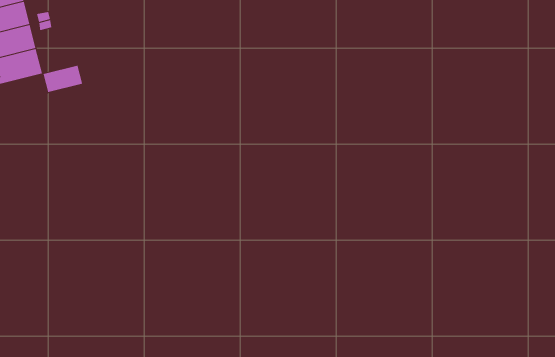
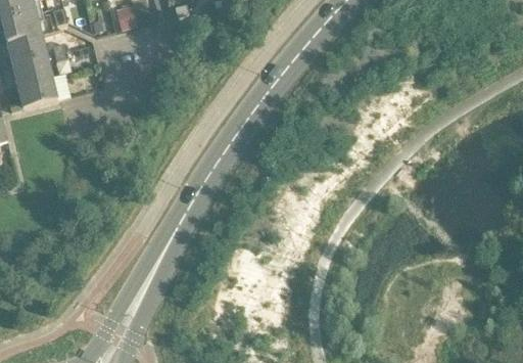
building: [43,65,83,93] -> none

